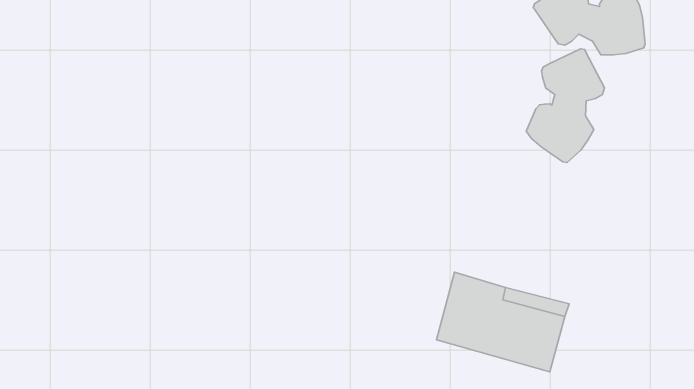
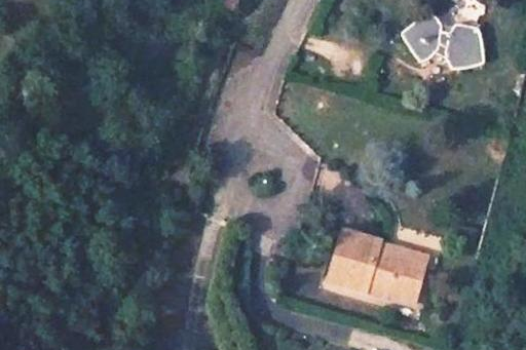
building: [526,49,605,163] -> none

